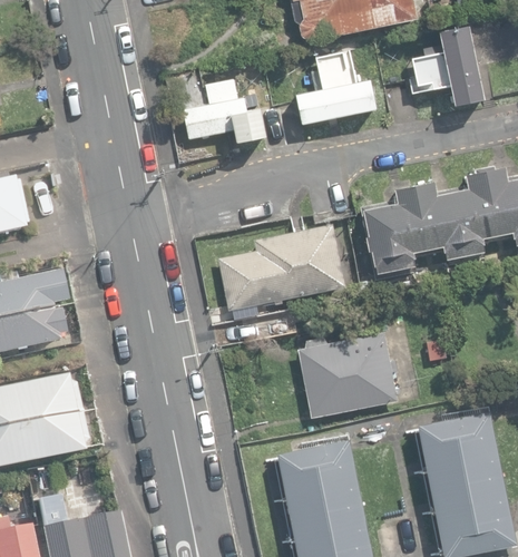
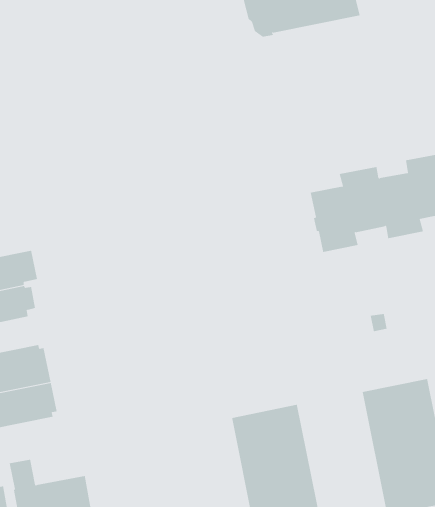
building: [412,26,485,106] -> none
building: [296,50,377,124] -> none
building: [183,79,266,143] -> none
building: [218,222,344,309] -> none
building: [299,331,398,416] -> none

